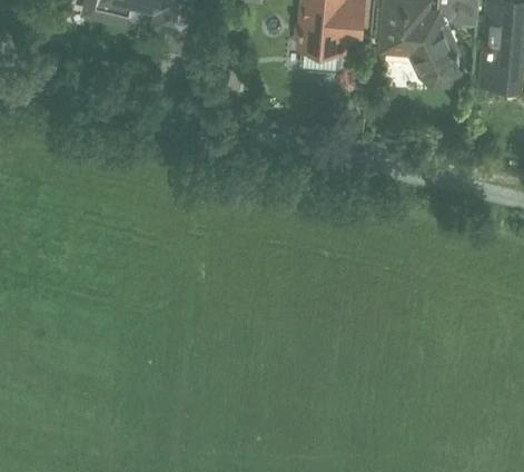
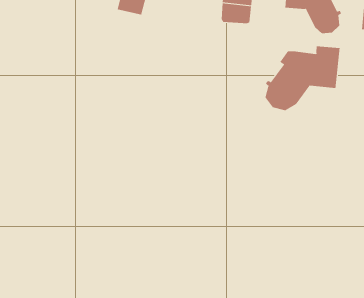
building: none -> [265,45,340,111]

